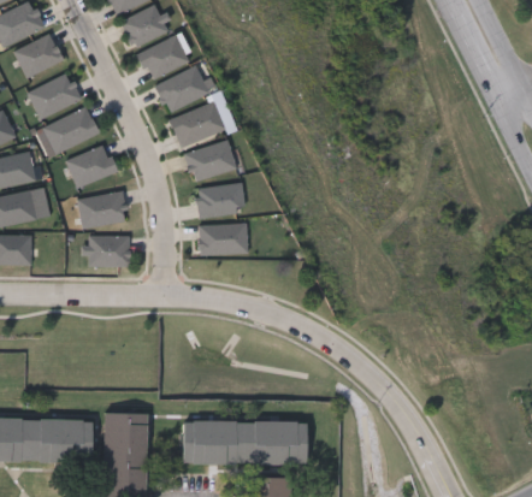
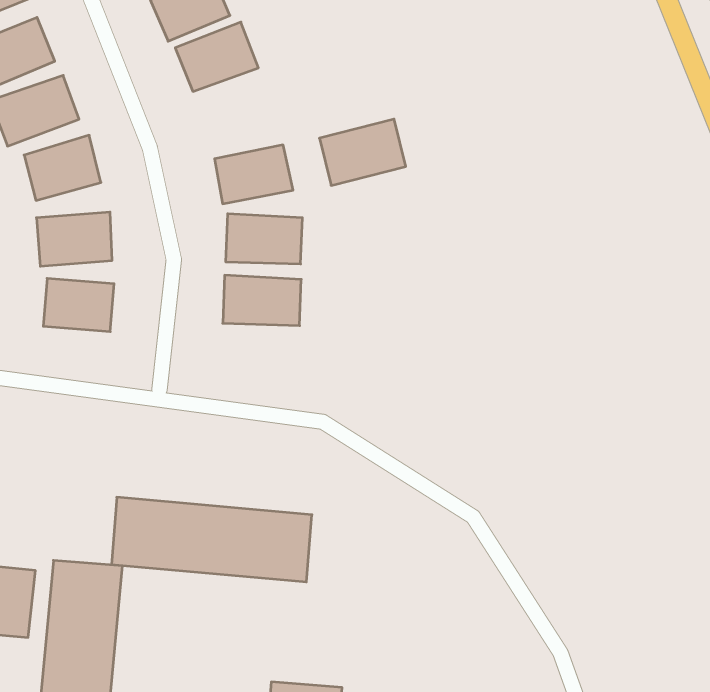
building: [170,102,225,147] -> [319,119,406,185]
building: [184,420,307,463] -> [111,497,312,582]

